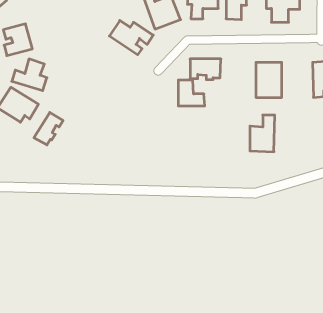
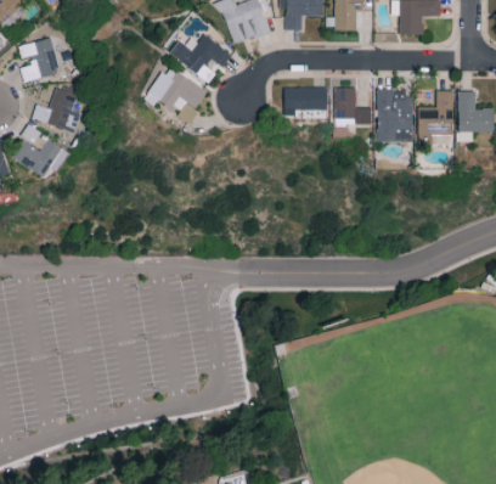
building: none -> [143,66,207,124]
building: [178,80,205,106] -> [334,89,372,125]
building: [34,112,63,145] -> none
building: [250,115,275,152] -> [418,91,453,143]

